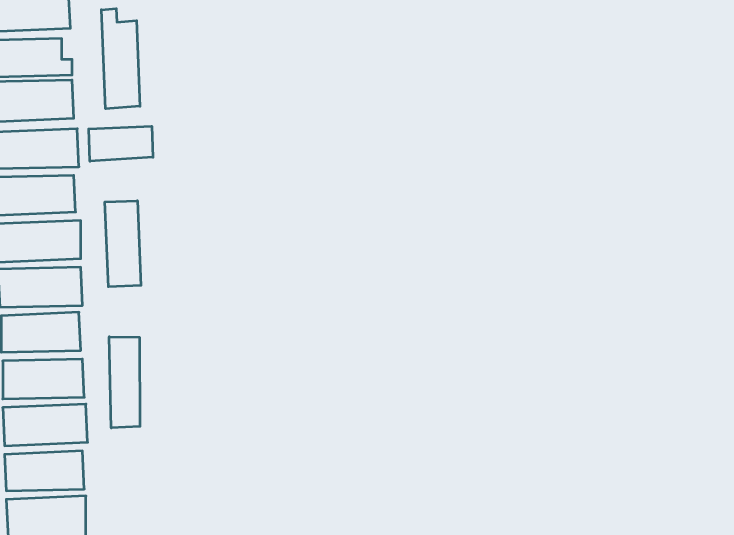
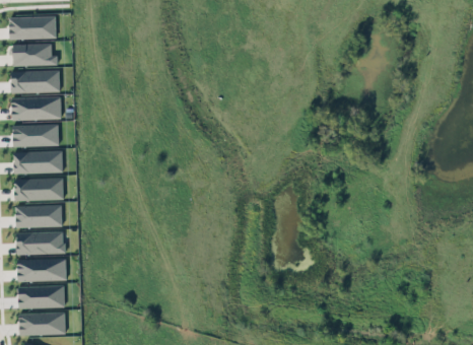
building: [101,9,140,109] -> none
building: [89,126,153,161] -> none
building: [105,201,141,287] -> none
building: [109,337,140,428] -> none

